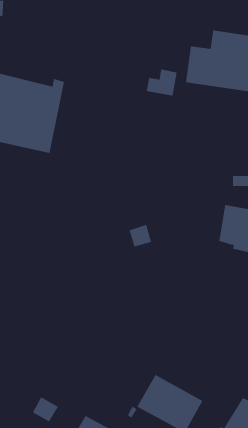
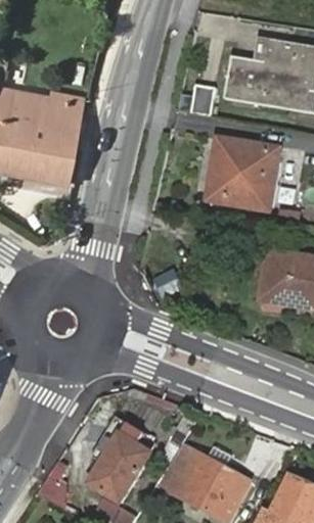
building: none -> [208,137,276,205]
building: none -> [86,430,150,503]

